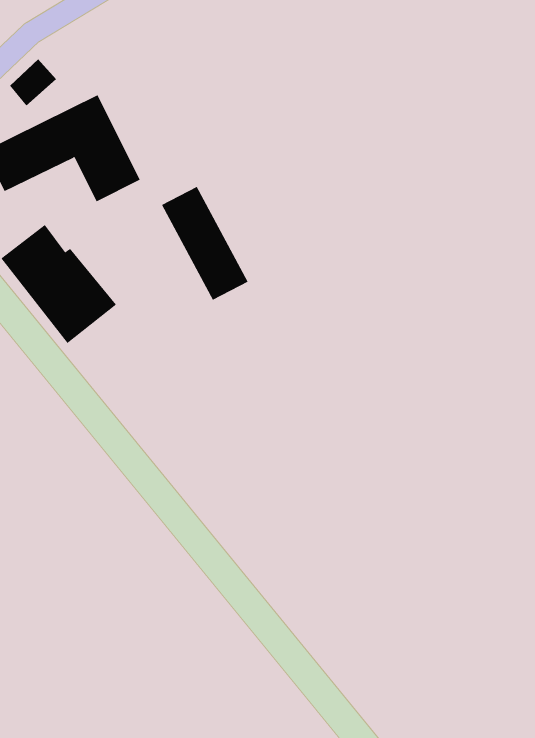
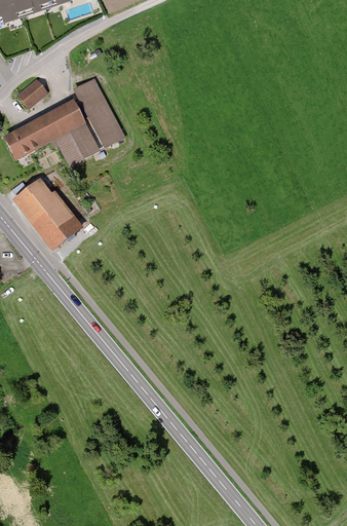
building: [161,186,248,301] -> [73,79,125,148]

